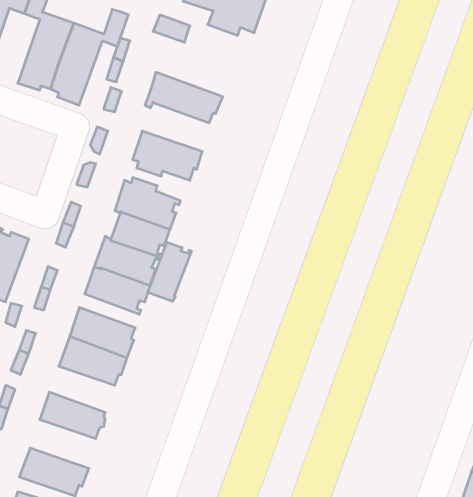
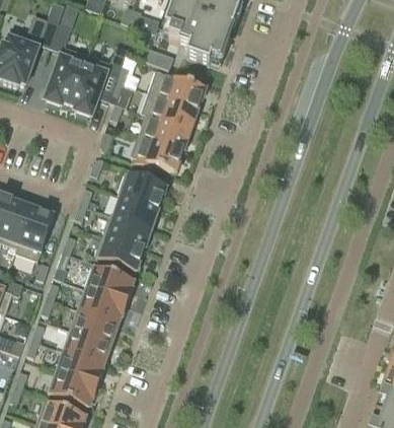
building: none -> [148,70,203,110]
building: none -> [138,114,187,150]
building: [148,242,191,301] -> none
building: none -> [69,309,117,344]
building: none -> [55,349,103,385]

